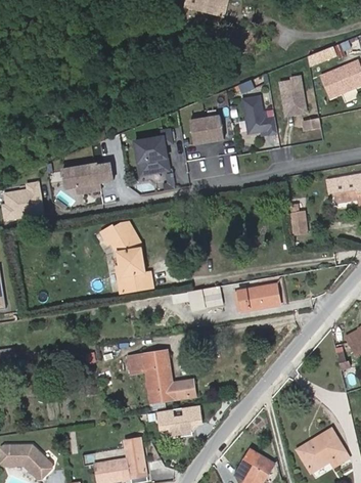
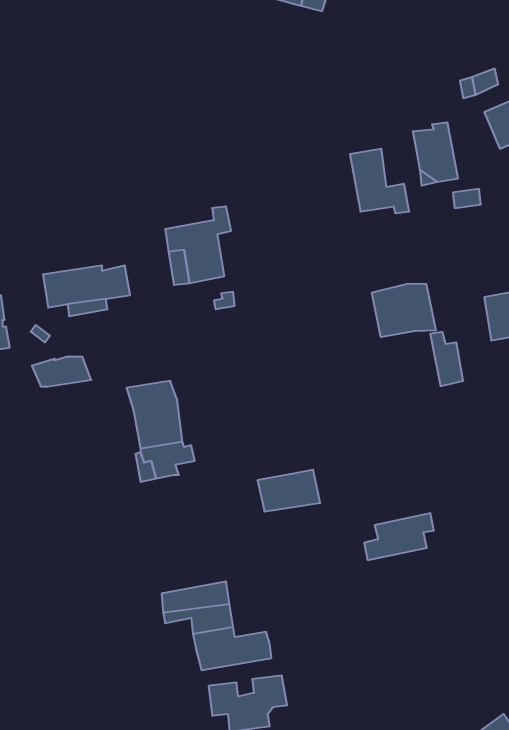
building: [188,116,223,144] -> none
building: none -> [372,283,436,337]
building: [101,219,136,236] -> [32,357,91,387]
building: [240,280,281,308] -> [364,513,434,560]

